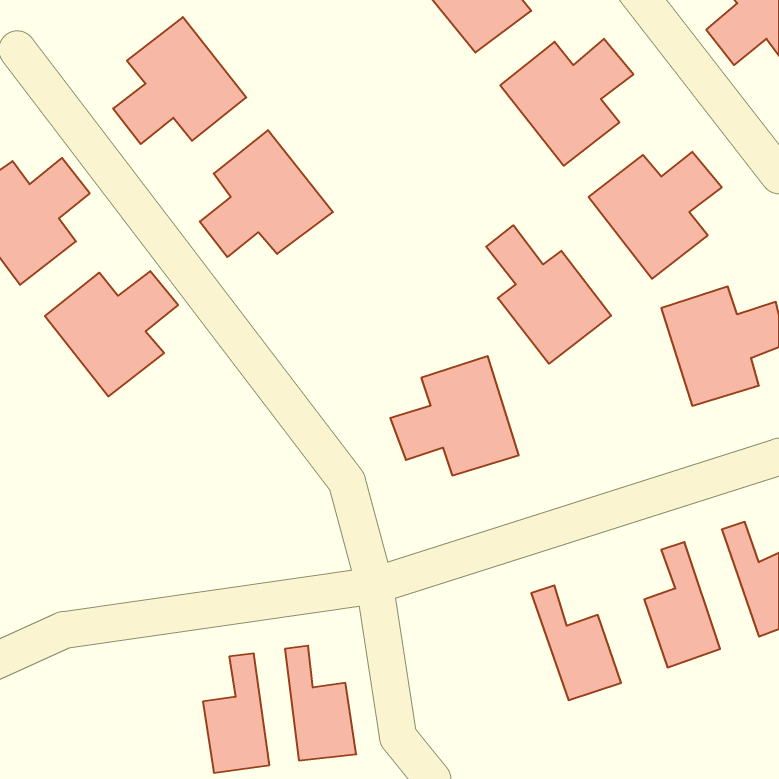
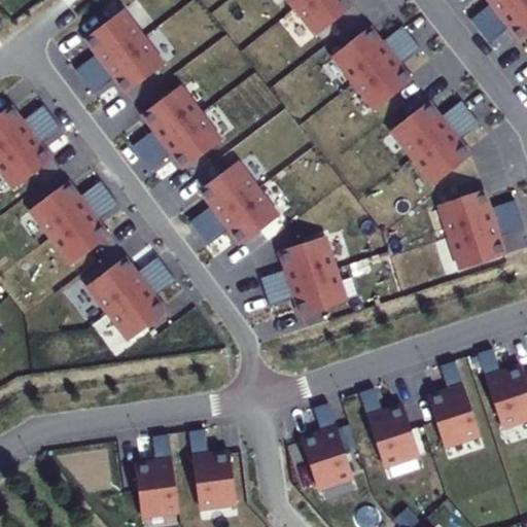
building: [486,225,611,364] -> none
building: none -> [190,163,279,247]
building: none -> [89,257,177,342]
building: none -> [303,402,353,486]

